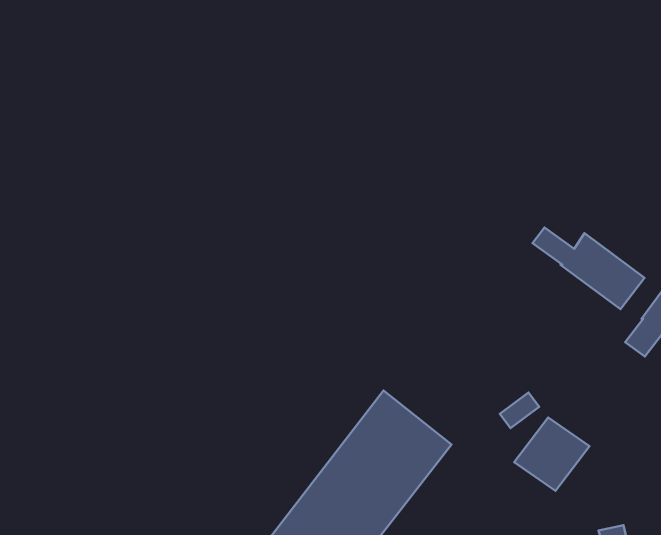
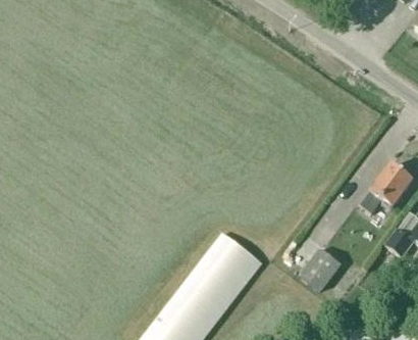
building: [533,227,644,309] -> none

